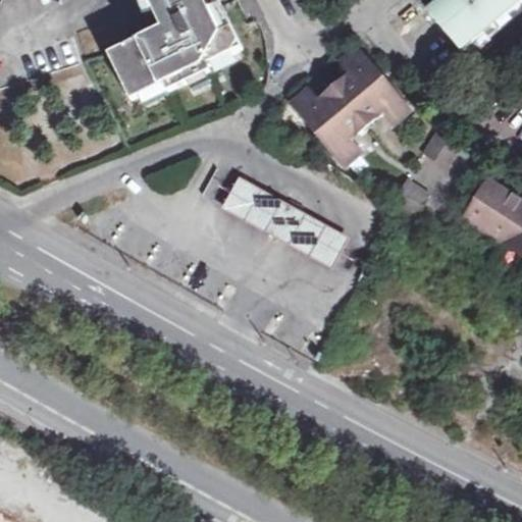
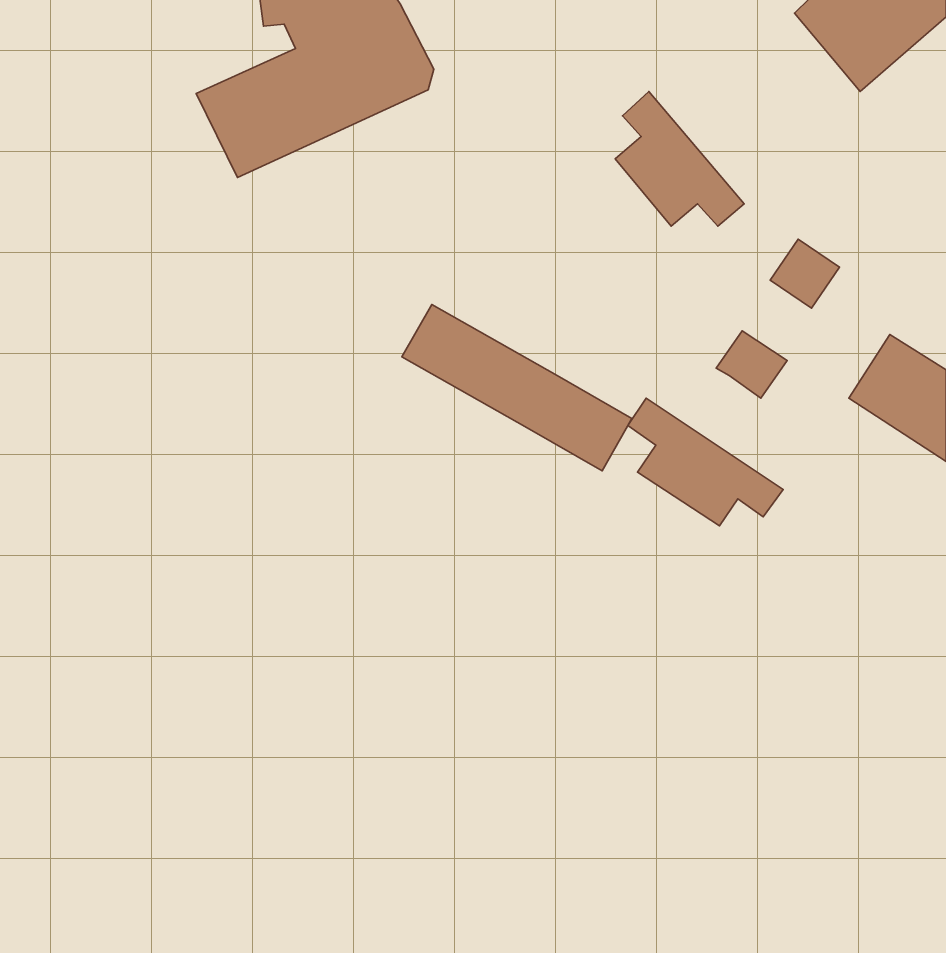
building: [291,87,366,165] -> none
building: none -> [628,398,783,526]

